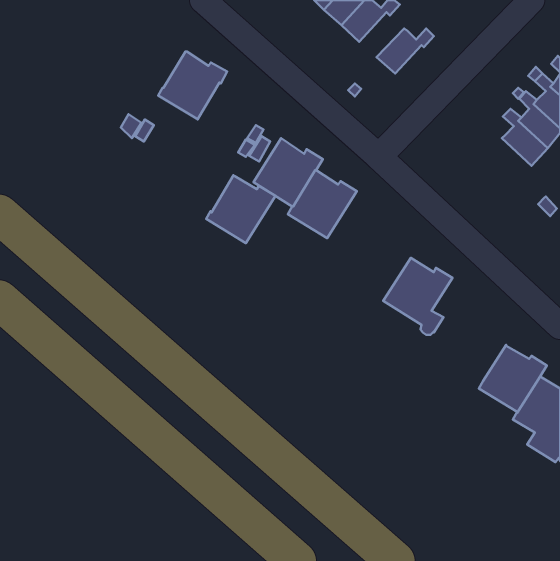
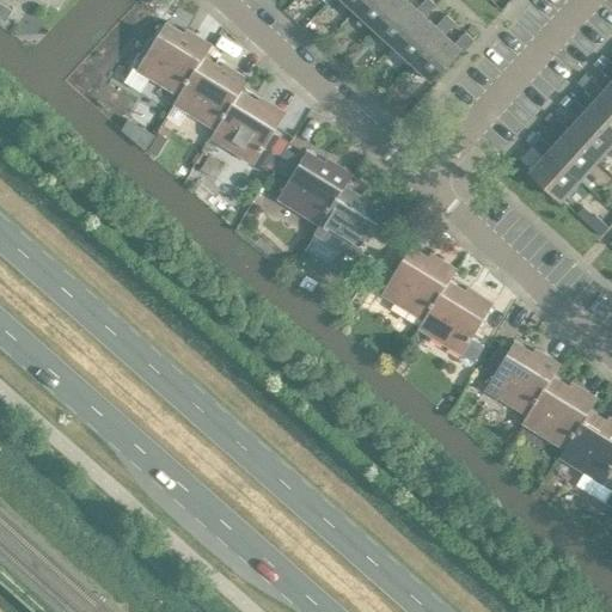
building: none -> [391,13,453,62]
building: none -> [123,22,210,96]
building: none -> [528,136,579,200]
building: [206,175,275,243] -> [209,90,284,164]
building: none -> [380,246,455,320]
building: none -> [484,342,559,415]

